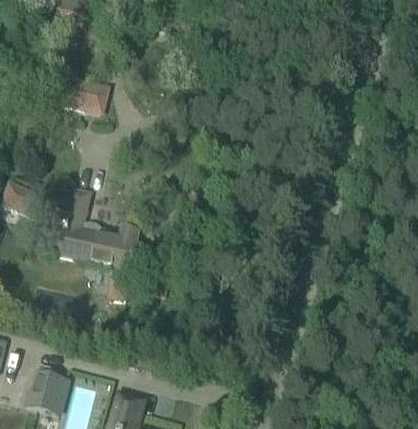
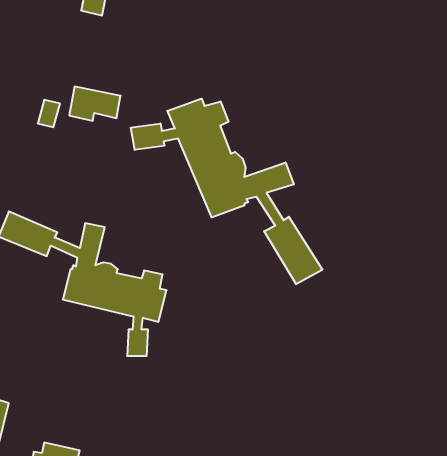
building: none -> [131,99,322,284]

